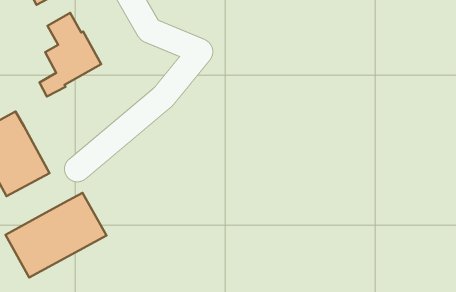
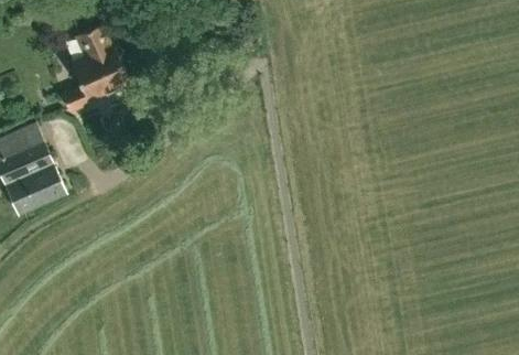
building: [5,193,106,278] -> none

